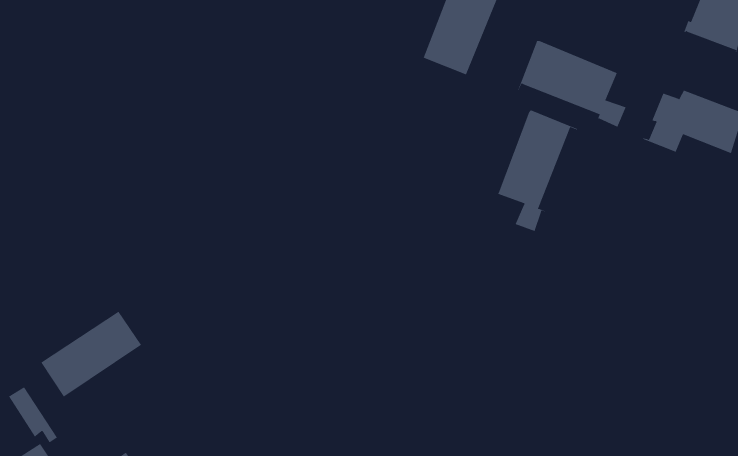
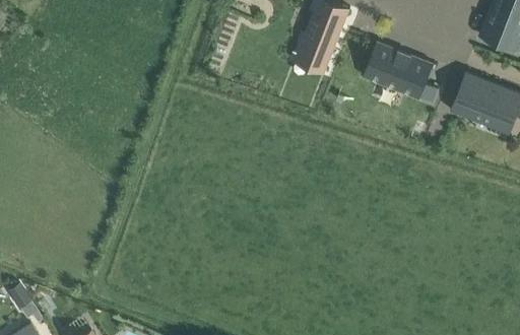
building: [497,109,578,232] -> none
building: [40,311,142,398] -> none

